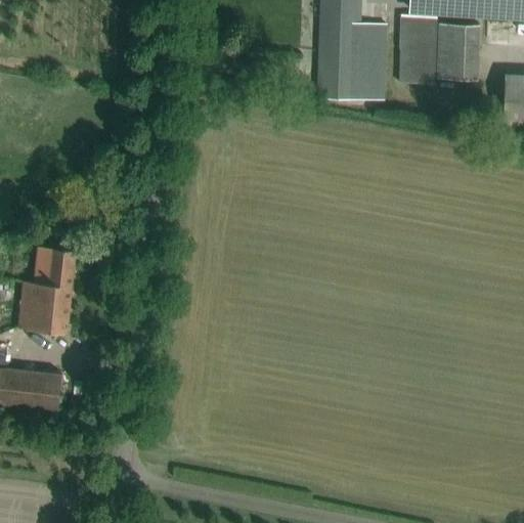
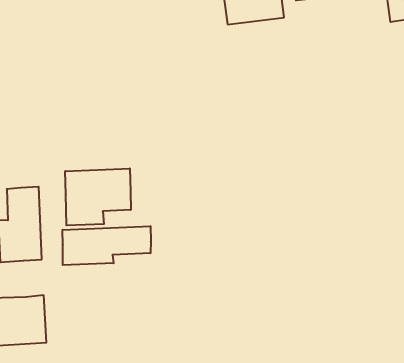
building: none -> [65,168,131,225]
building: none -> [63,226,151,265]

